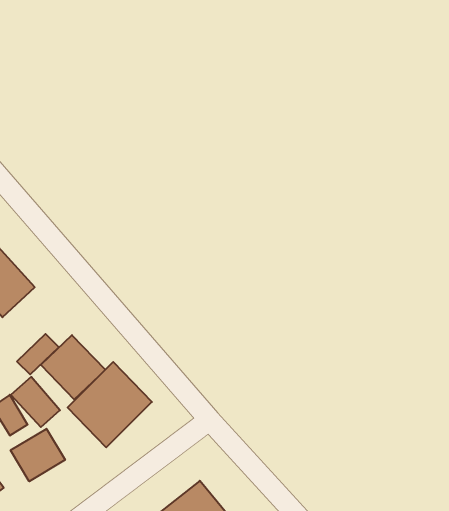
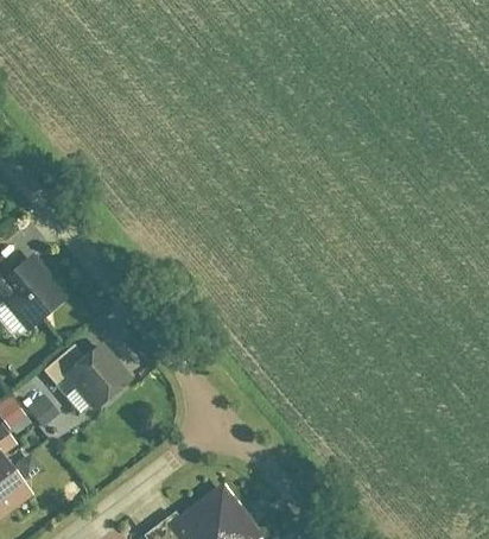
building: [68,362,152,447] -> none
building: [11,429,65,481] -> none

